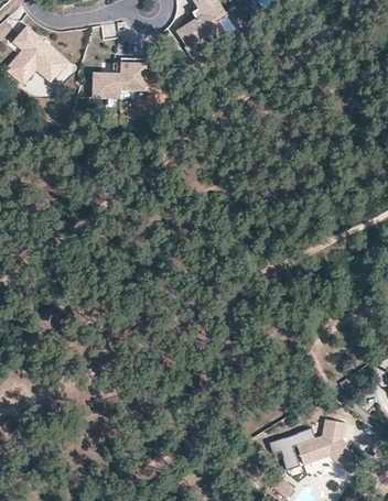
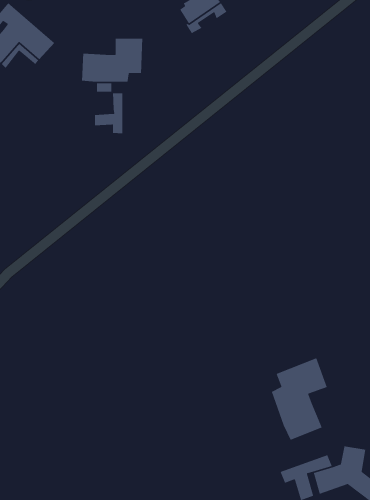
building: none -> [94,92,123,134]
building: none -> [271,357,328,441]

